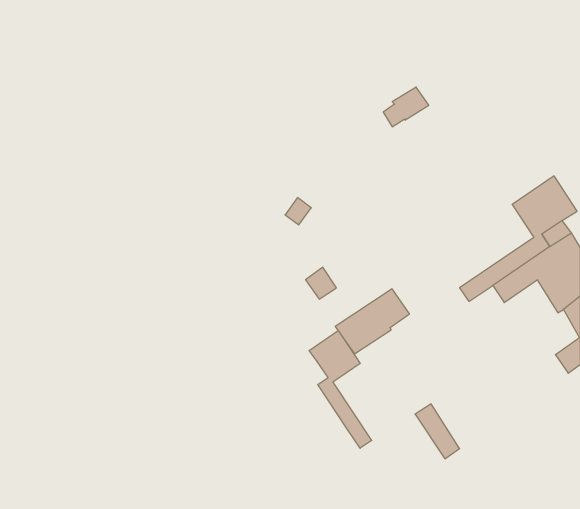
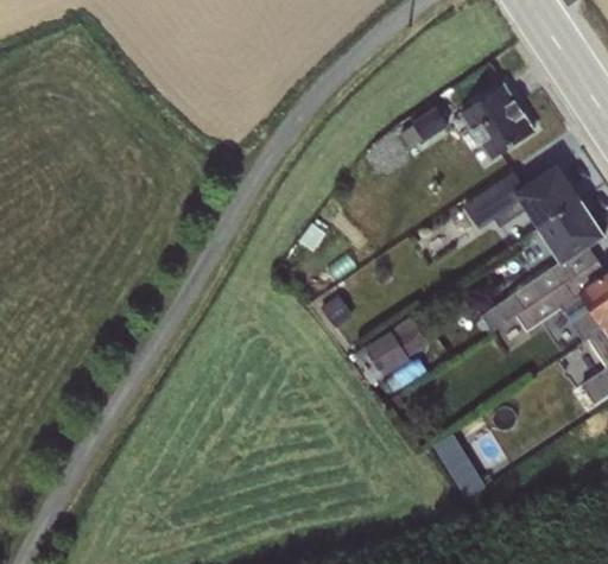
building: none -> [458,84,533,159]
building: none -> [463,164,580,228]
building: [309,330,372,448] -> none

